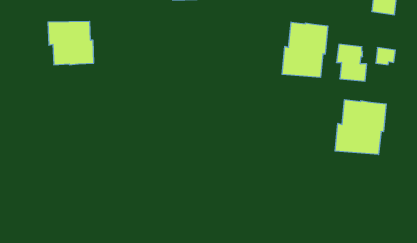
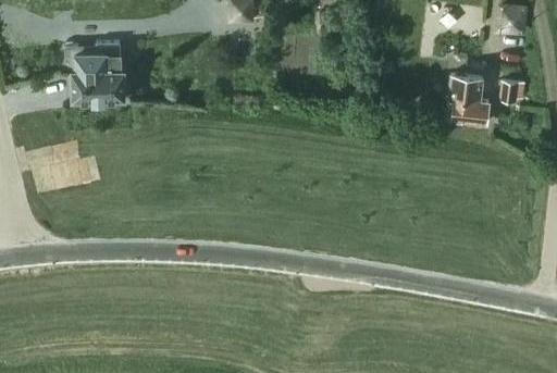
building: [282,22,328,77] -> none
building: [335,100,386,155] -> none

